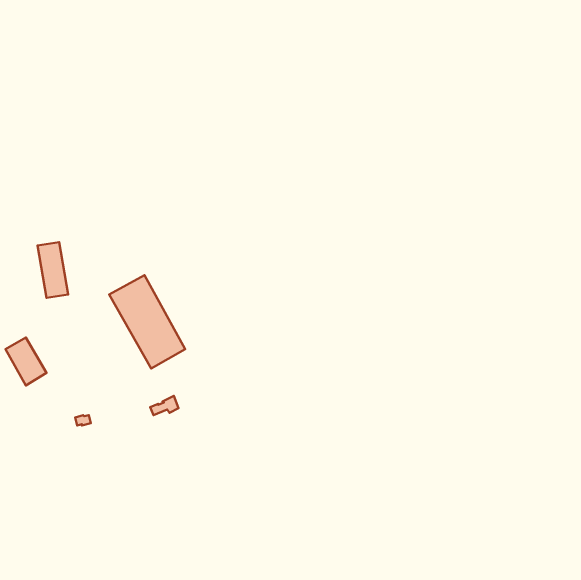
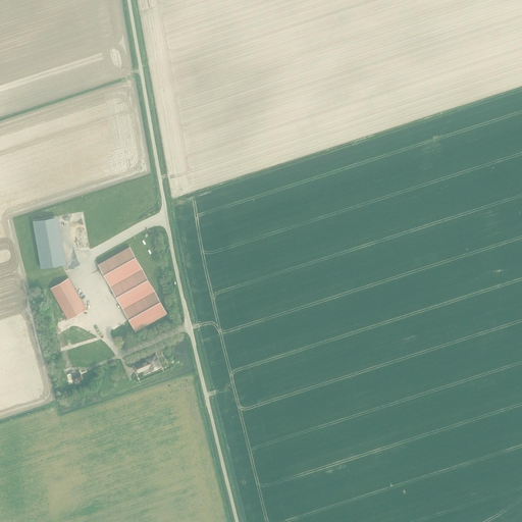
building: [5,338,46,385] -> [50,278,87,321]

